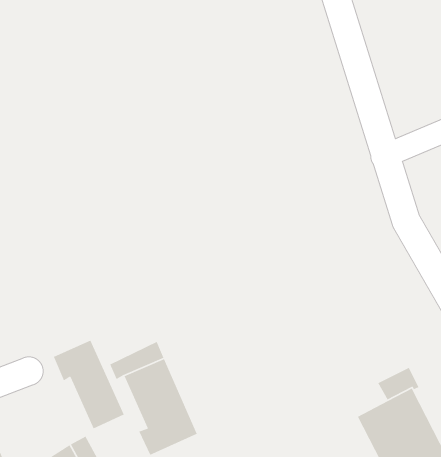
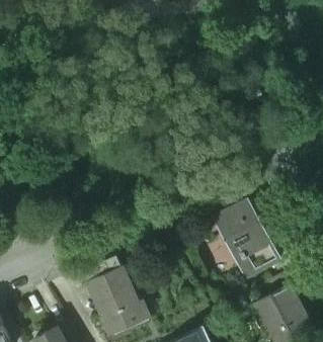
building: none -> [212,202,280,281]
building: [53,340,125,430] -> none

